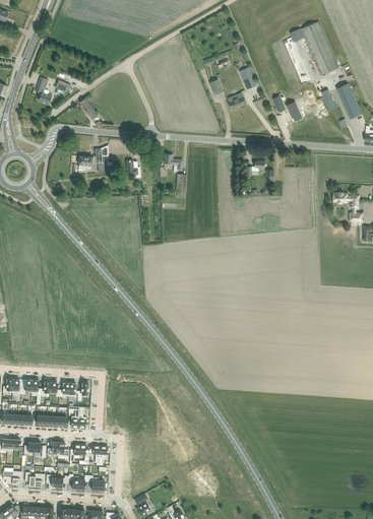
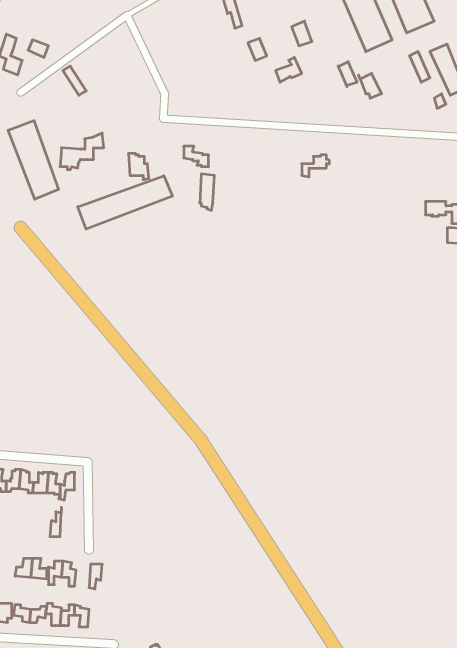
building: none -> [8,121,58,199]
building: none -> [78,176,172,229]

